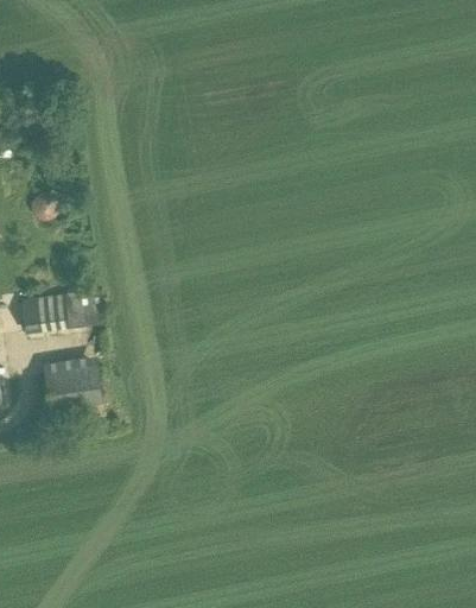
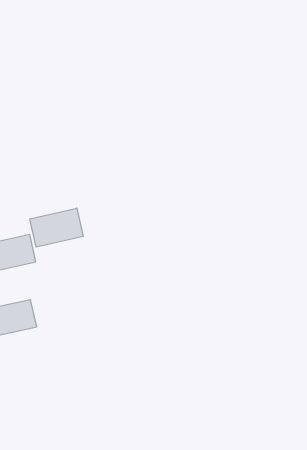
building: none -> [30,208,83,247]

